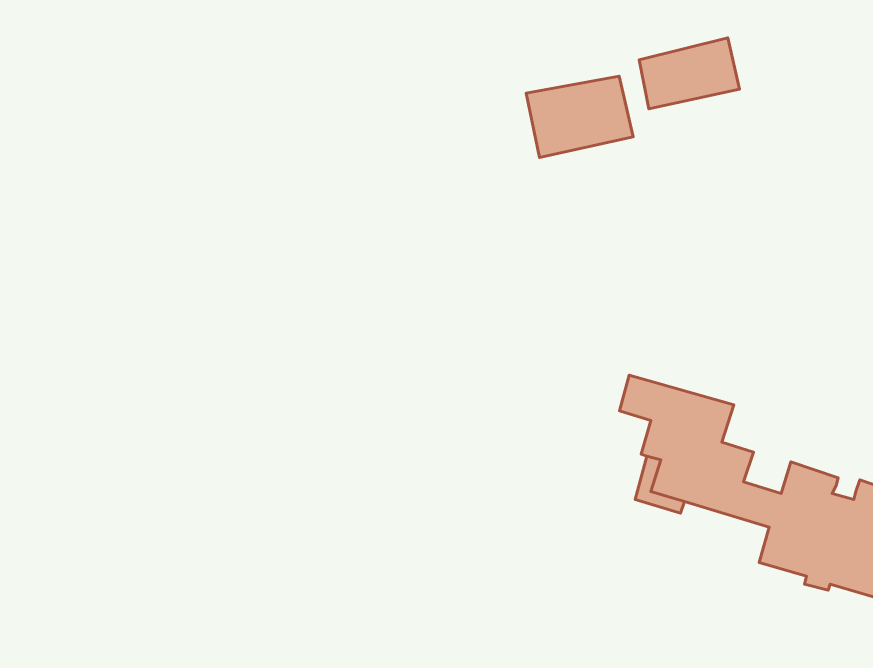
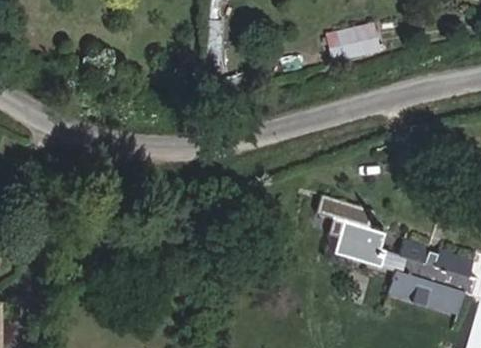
building: [526,76,633,157] -> none

